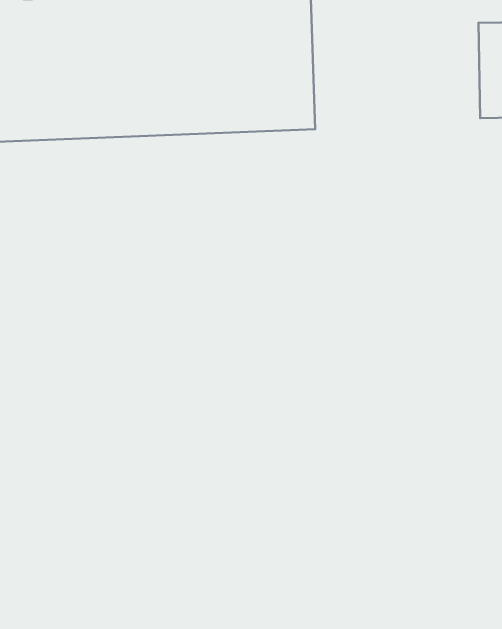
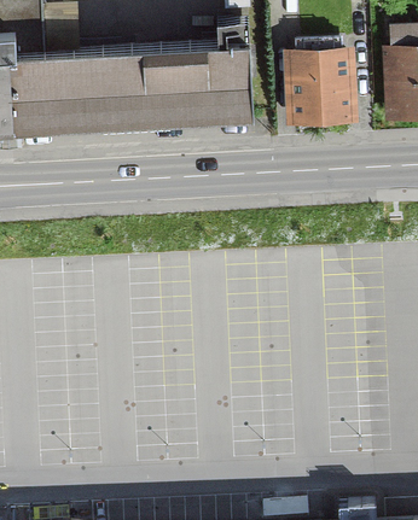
building: none -> [283,52,355,128]

